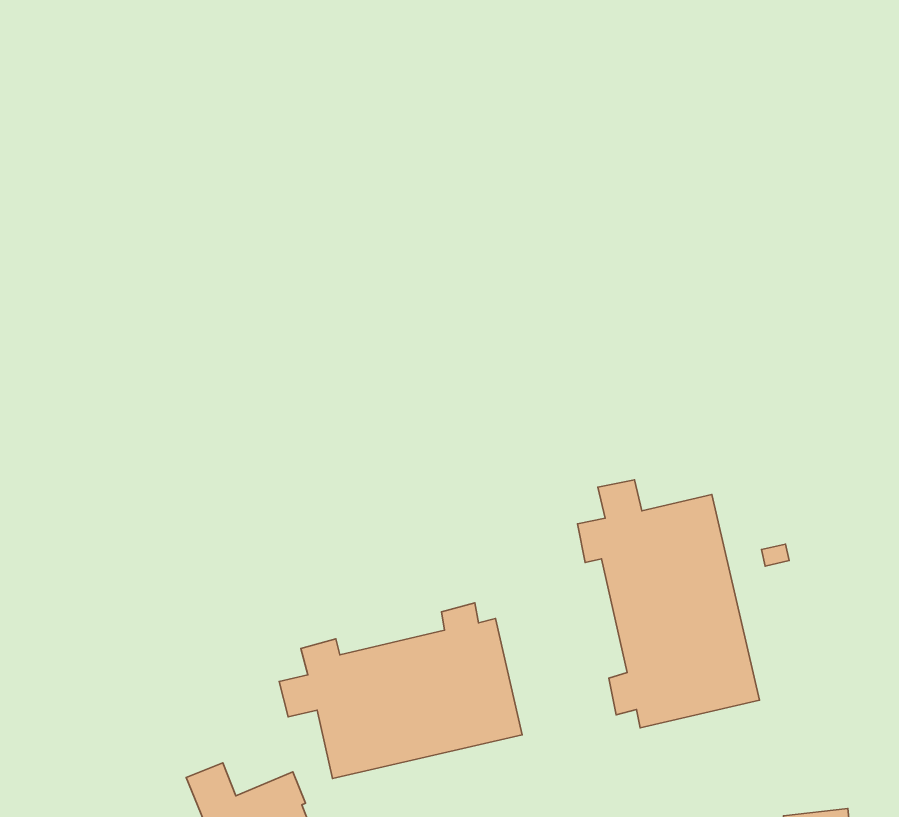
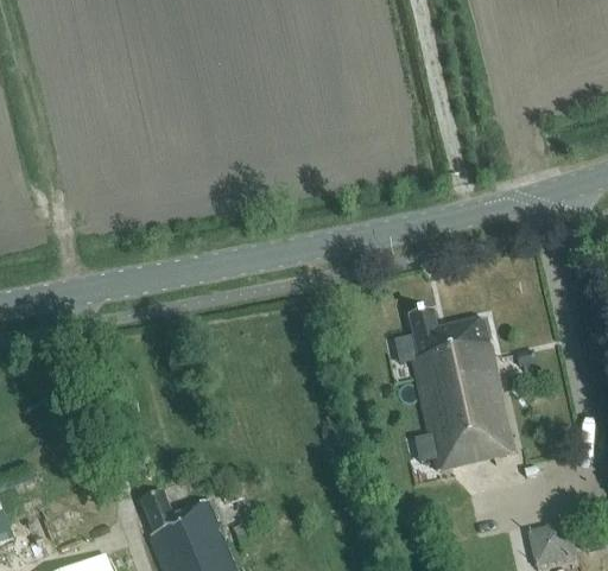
building: [279,603,522,778] -> none

